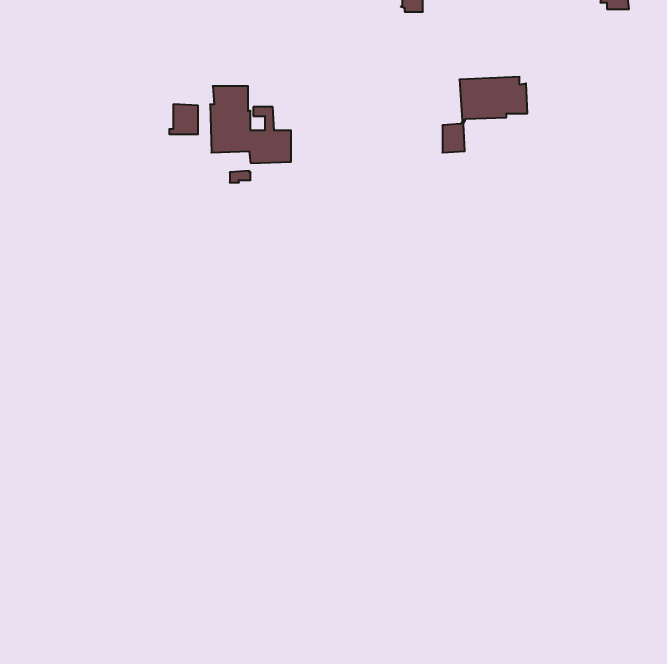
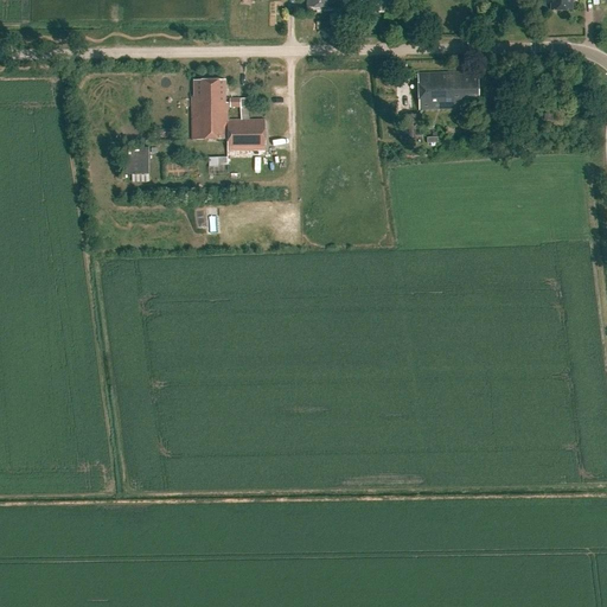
building: [169,104,198,134] -> [122,145,148,172]

